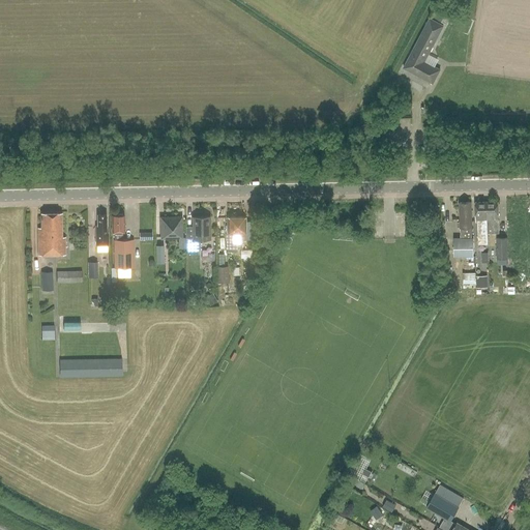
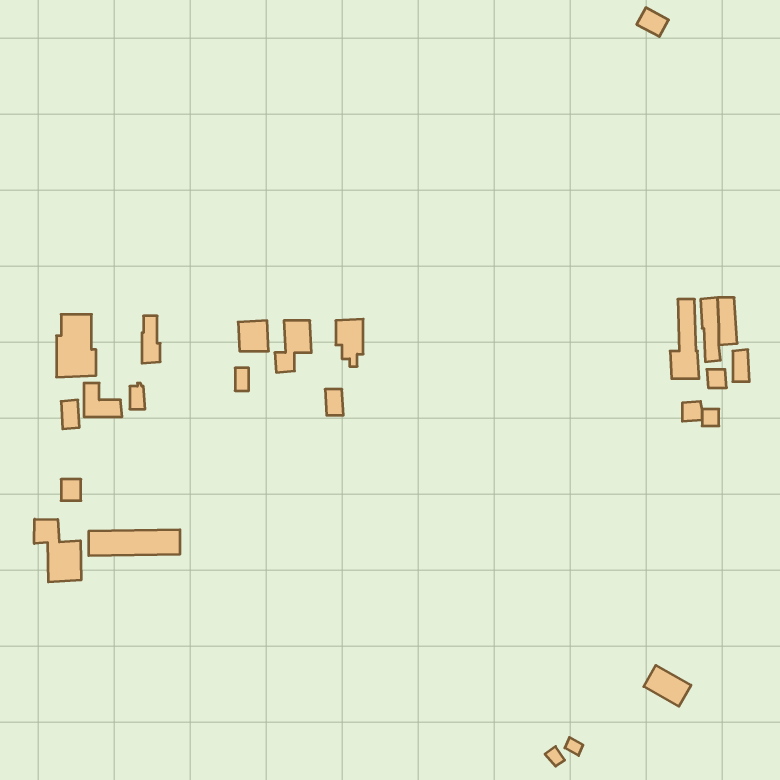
building: [404,19,443,84] -> none
building: [112,215,134,268] -> none
building: none -> [34,519,81,582]
building: [426,493,459,521] -> [644,665,691,706]

